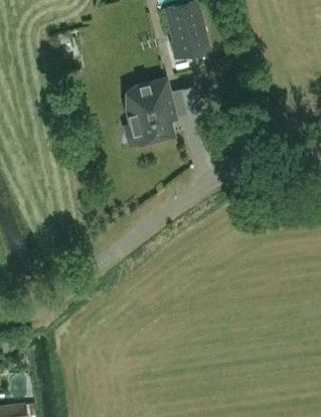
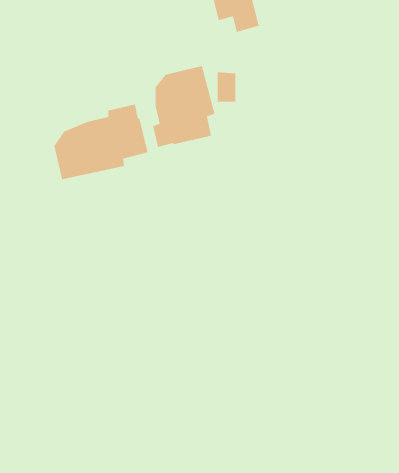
building: none -> [54,104,148,180]

